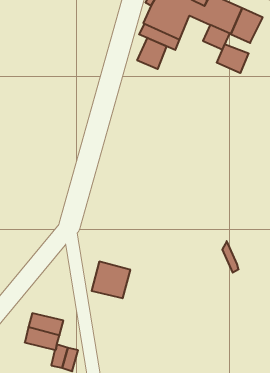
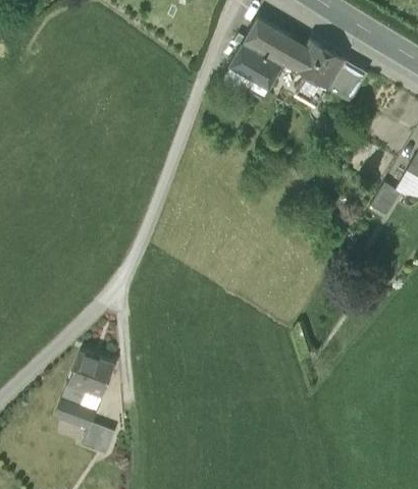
building: [137,38,166,69] -> none
building: [217,44,249,73] -> none
building: [92,262,130,298] -> [67,351,114,396]

